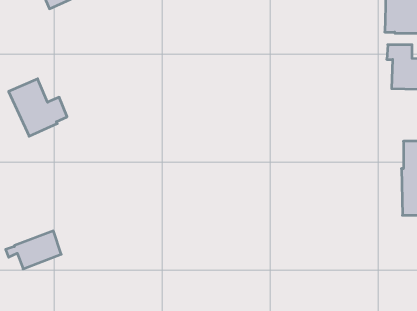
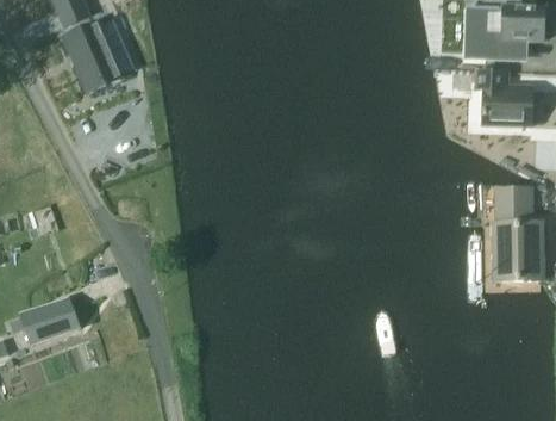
building: [9,79,67,136] -> [62,21,133,92]

